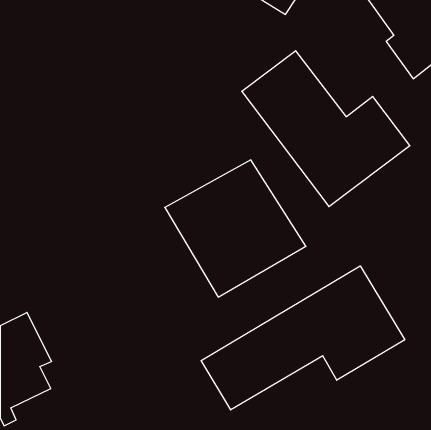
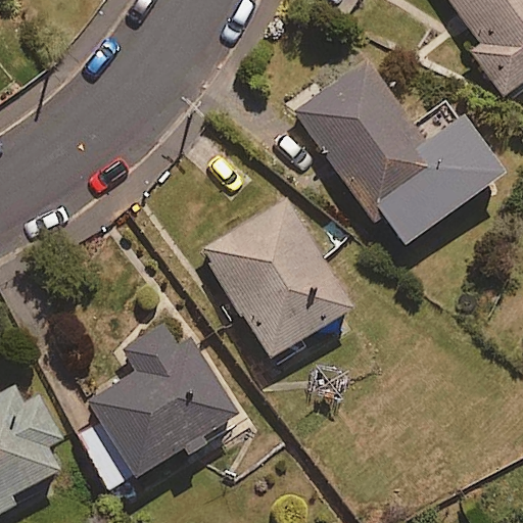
building: none -> [81,310,240,488]
building: [201,266,405,410] -> none

